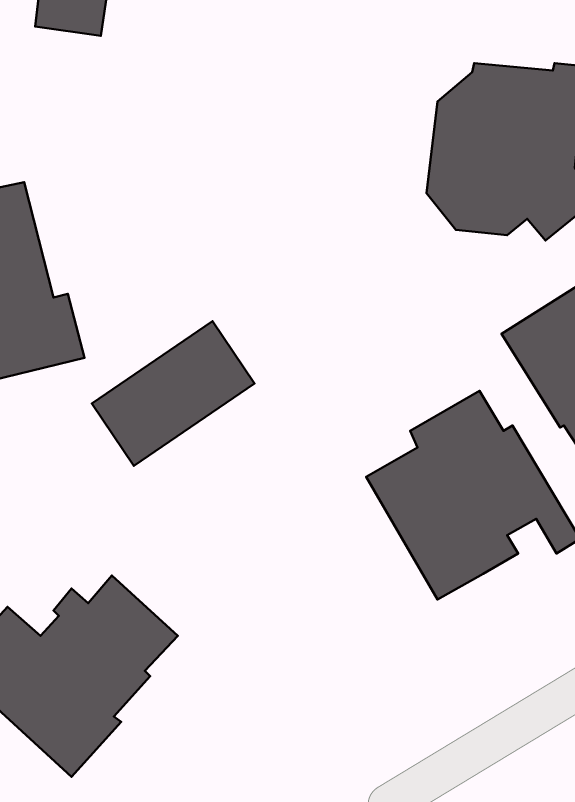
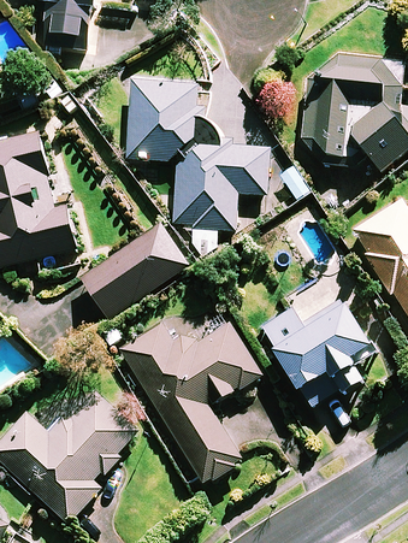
building: none -> [126,79,268,249]
building: none -> [117,311,260,484]

